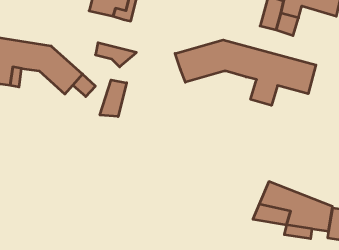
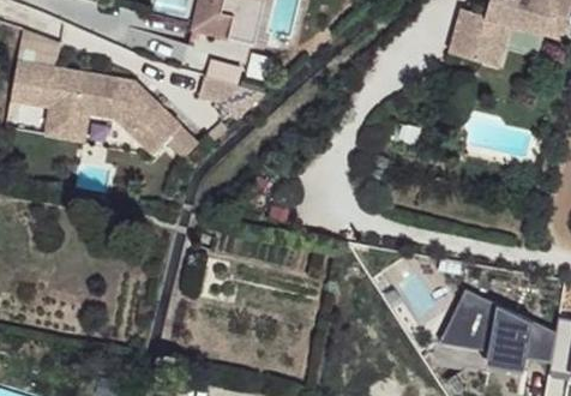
building: [175,40,316,105] -> none
building: [100,80,127,117] -> none

